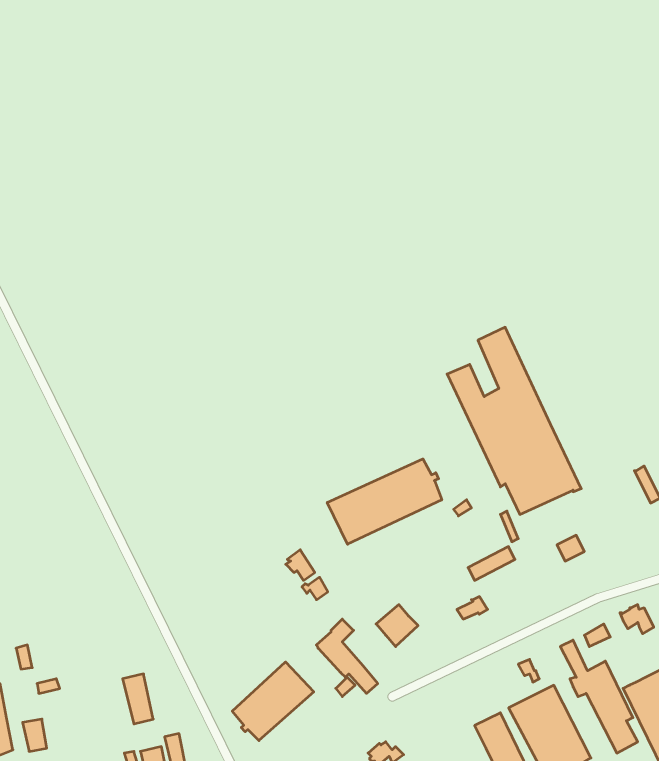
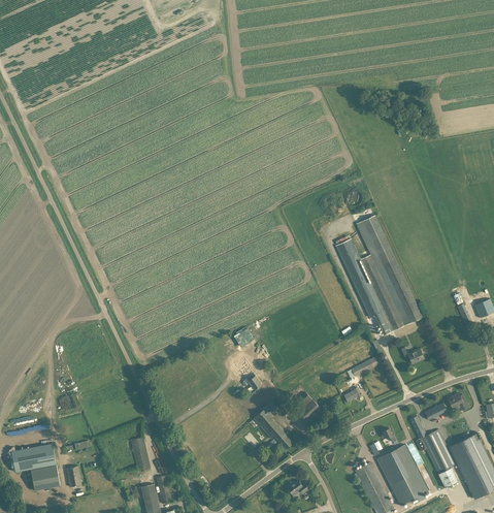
building: [327,459,442,544] -> none
building: [232,662,314,741] -> none

